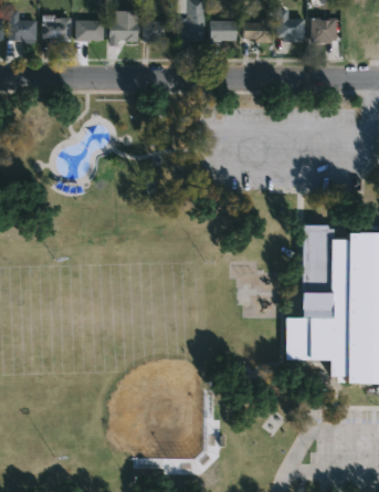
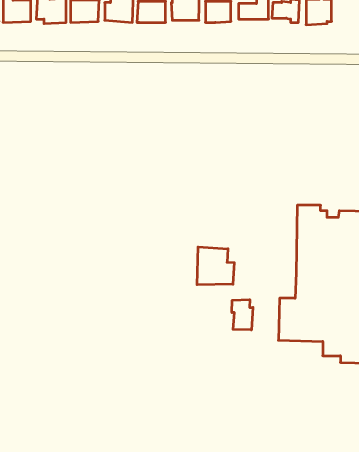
building: none -> [197,247,234,285]
building: none -> [232,300,253,330]

